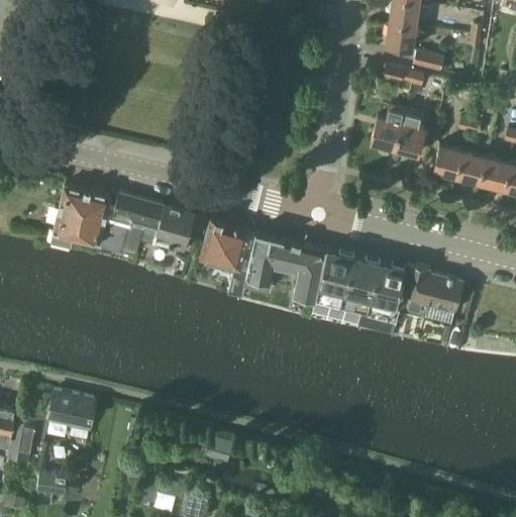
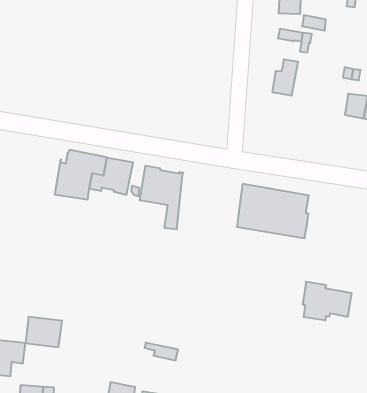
building: [395,109,425,156] -> none
building: [433,145,463,178] -> none
building: [53,187,111,248] -> none
building: [245,234,327,303] -> none
building: [401,266,461,314] -> [303,282,352,320]

